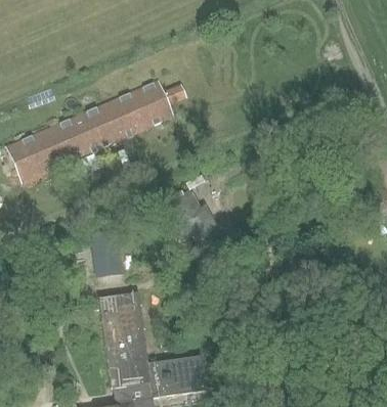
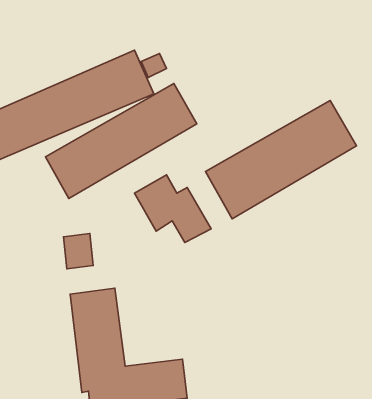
building: none -> [45,84,197,198]
building: none -> [205,101,356,219]

